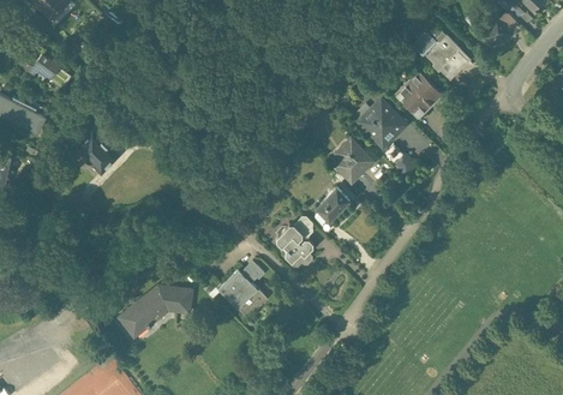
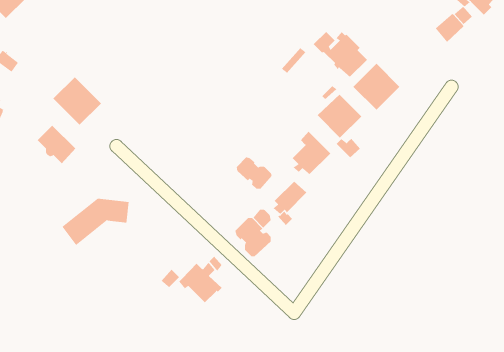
building: [413,31,468,78] -> [313,31,368,78]
building: none -> [53,76,102,126]
building: none -> [236,156,272,190]
building: [122,288,191,336] -> [62,198,130,246]

